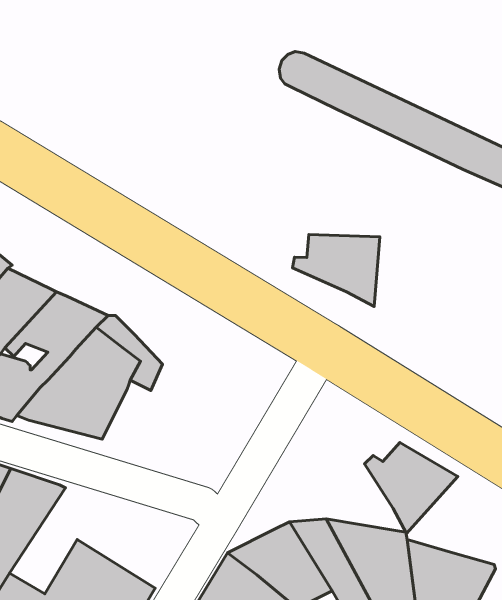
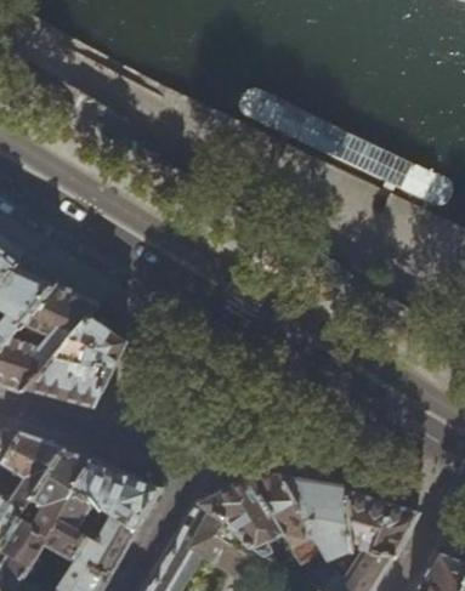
building: [293,234,380,306] -> none
building: [364,443,458,534] -> none
building: none -> [15,449,159,536]

